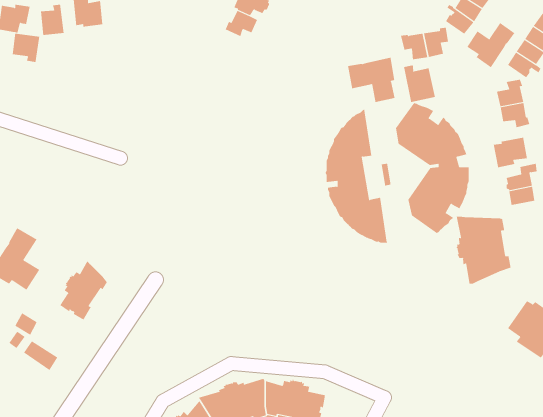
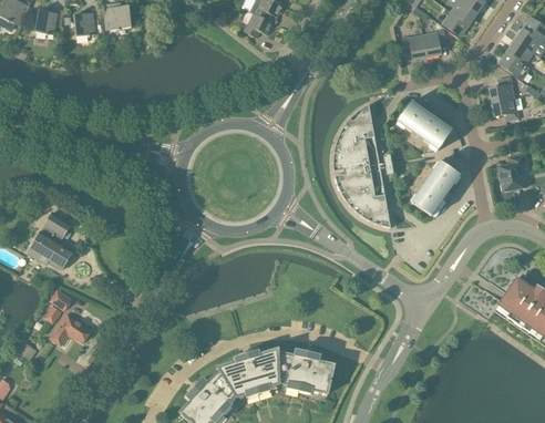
building: [467,22,515,68] -> none
building: [12,33,40,63] -> none
building: [347,57,395,103] -> none
building: [404,65,436,103] -> none
building: [493,137,528,168] -> none
building: [456,216,511,284] -> none
building: [60,261,107,320] -> none

